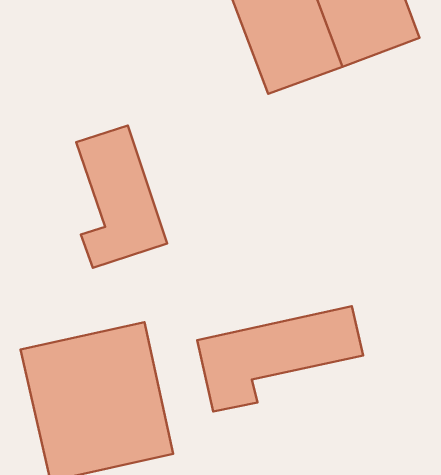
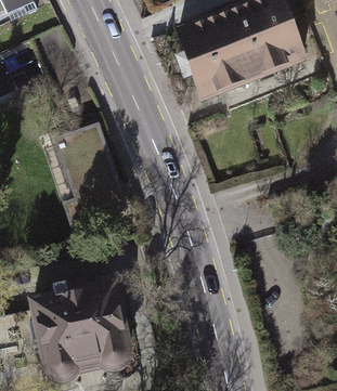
building: [197,306,363,411] -> none

